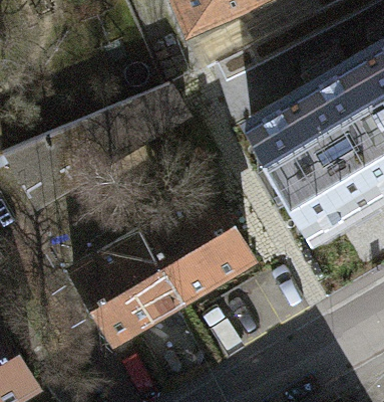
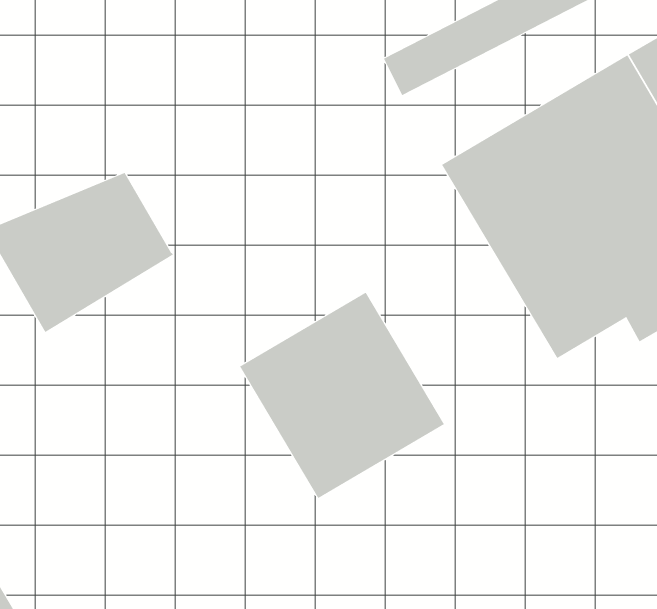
building: [76,93,185,174] -> none
building: [69,235,179,347] -> none

